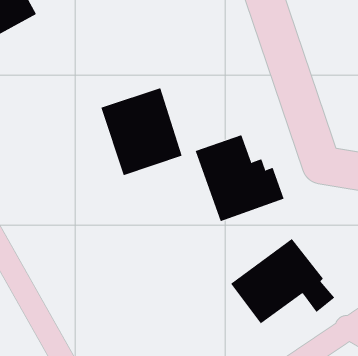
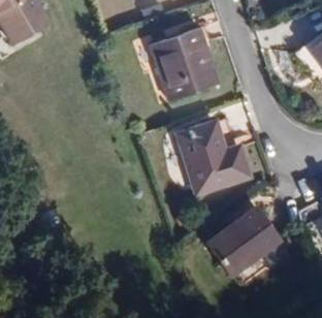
building: [100,87,182,176] -> [151,29,218,101]

